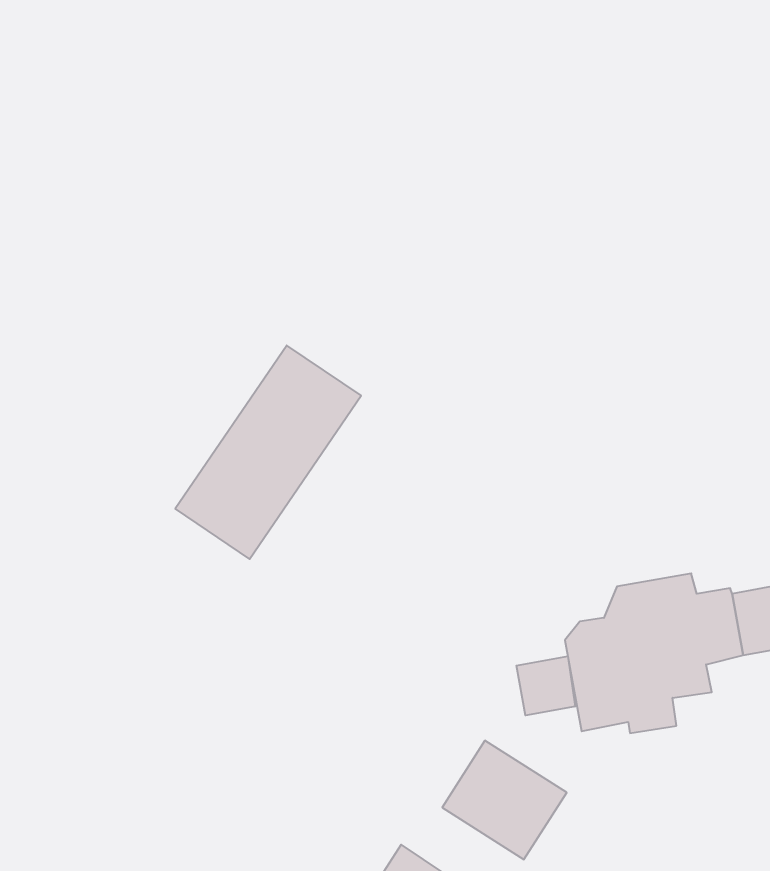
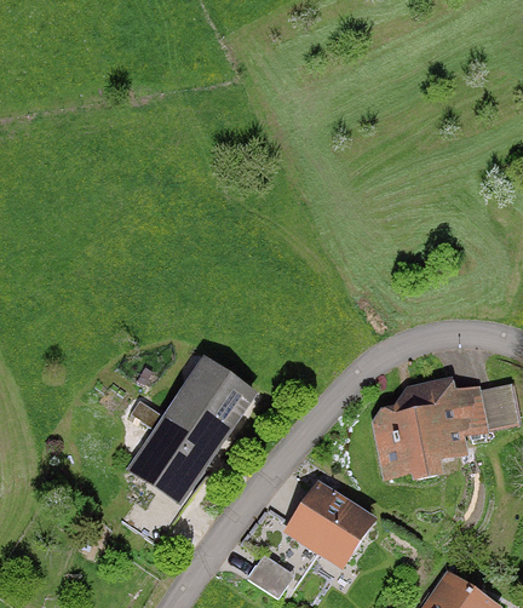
building: [175,345,361,559] -> [132,361,253,500]
building: [516,656,575,715] -> none

